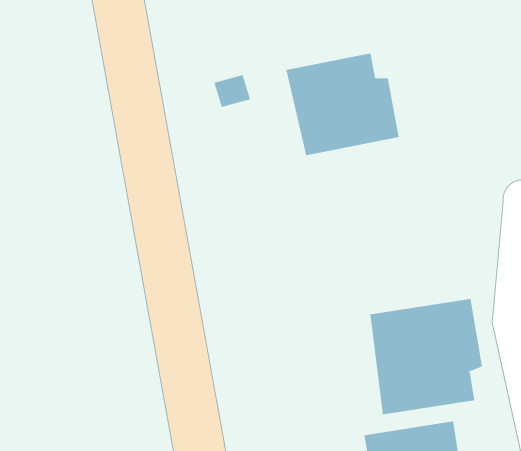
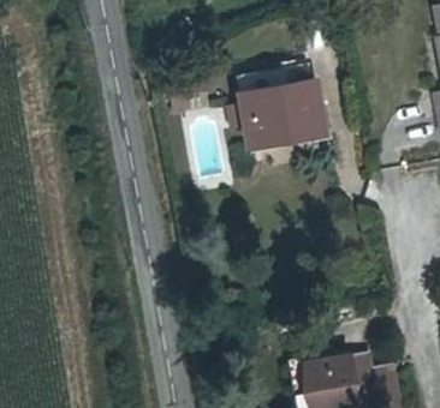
building: [370,298,483,415] -> none

